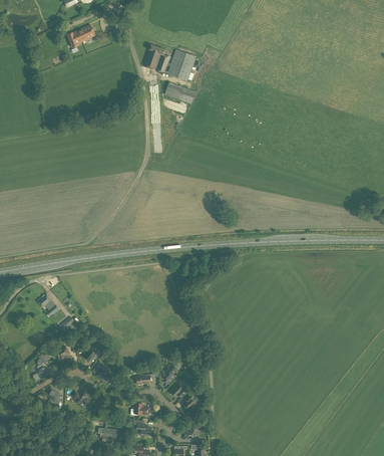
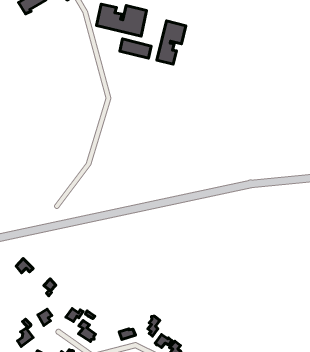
building: none -> [157,21,186,64]

